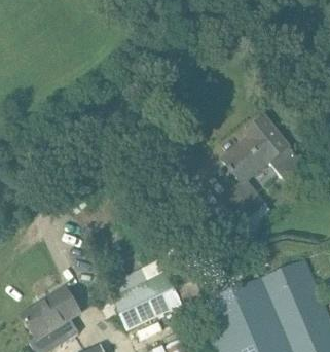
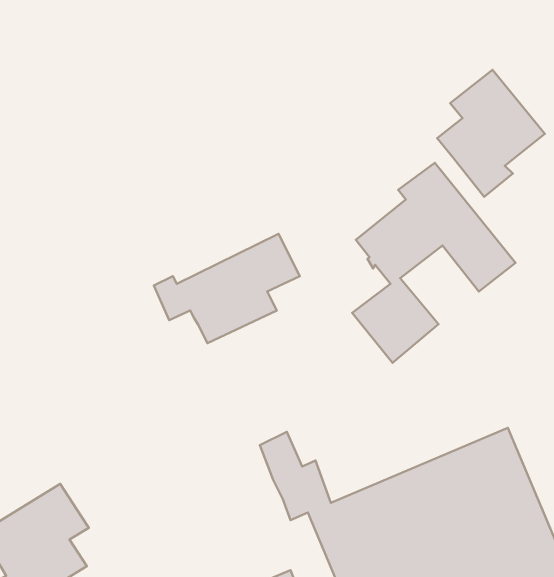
building: none -> [437,70,545,197]
building: [98,270,176,328] -> [154,234,300,343]

